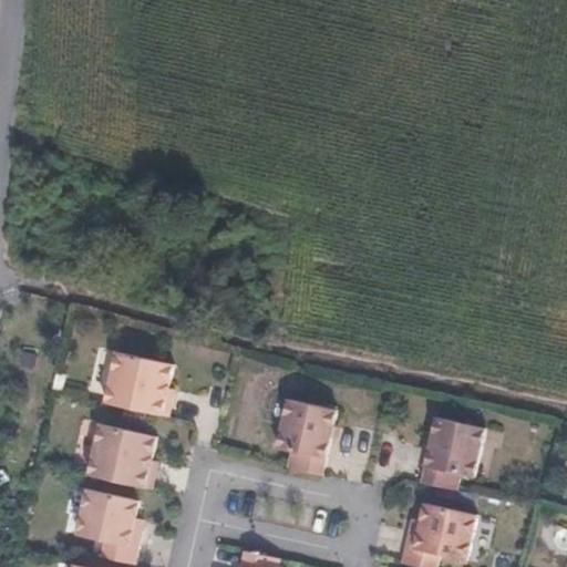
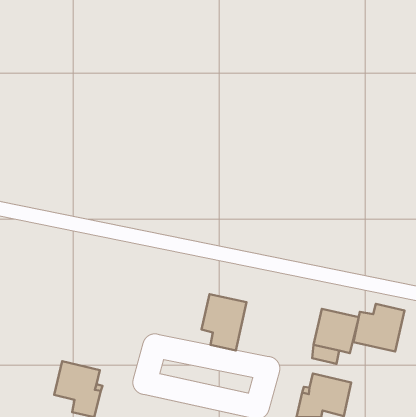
building: [102,351,169,415] -> none
building: none -> [353,304,404,352]
building: [85,424,152,488] -> none

